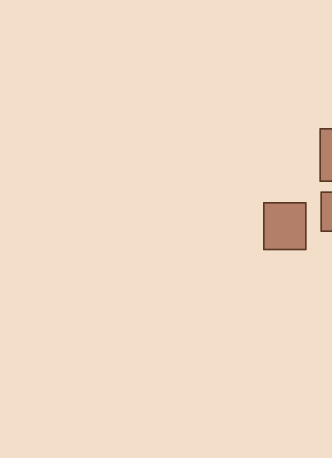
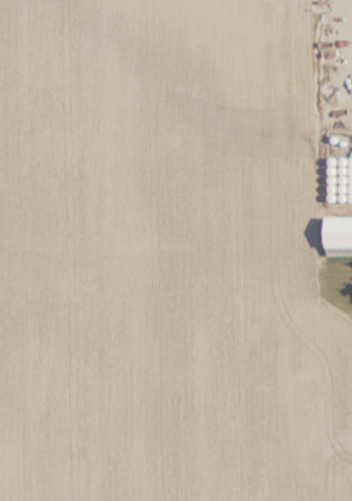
building: [264,203,306,249] -> none

